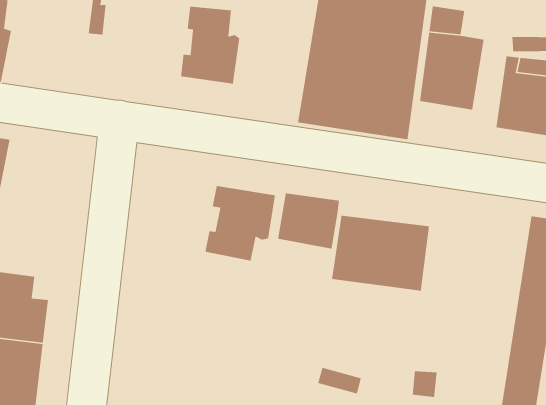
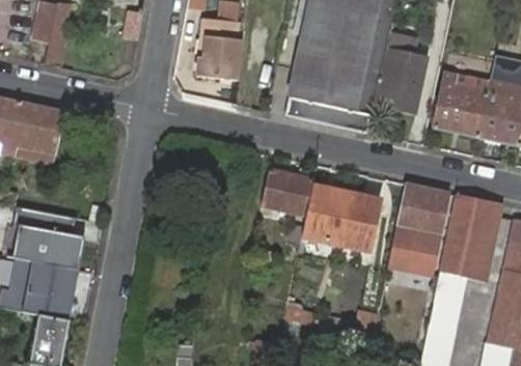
building: [204,185,276,262] -> none
building: none -> [389,184,449,274]

